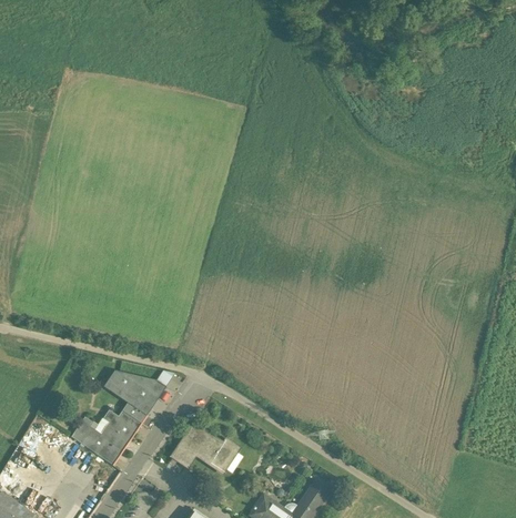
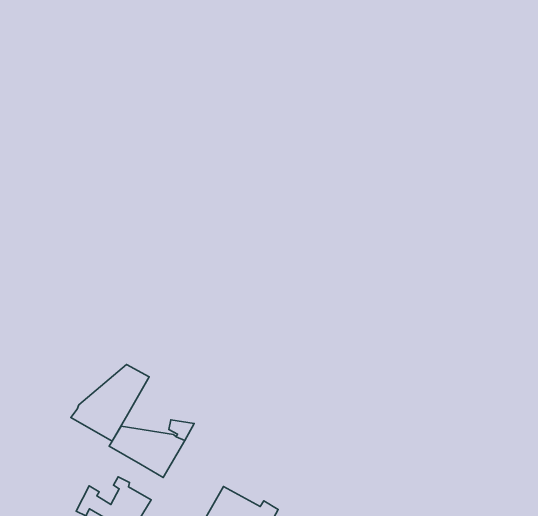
building: none -> [71,364,149,441]
building: [115,403,144,433] -> none

